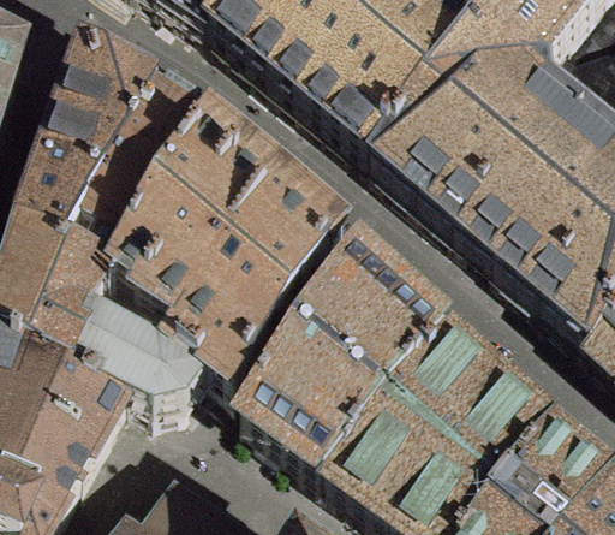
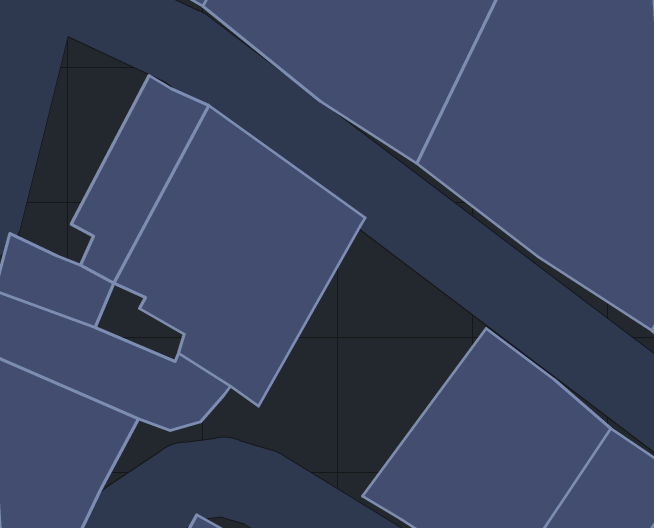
building: [25,59,159,255] -> none
building: [245,267,446,487] -> none

